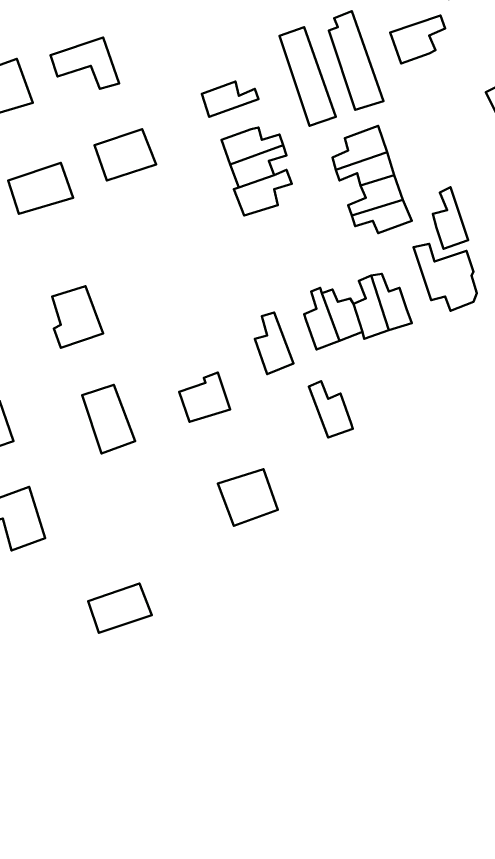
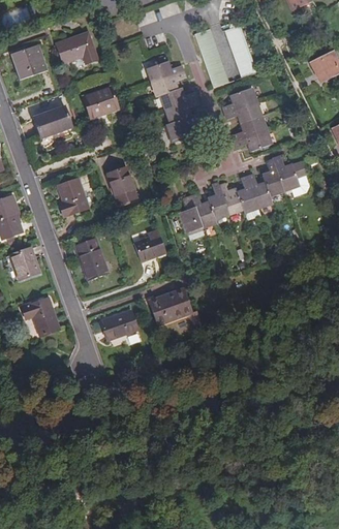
building: [390,15,445,64] -> none
building: none -> [152,70,183,95]
building: [433,187,468,249] -> [261,157,282,193]
building: none -> [109,168,136,205]
building: [309,381,353,438] -> [190,192,216,225]
building: [88,583,152,633] -> [101,308,138,337]

